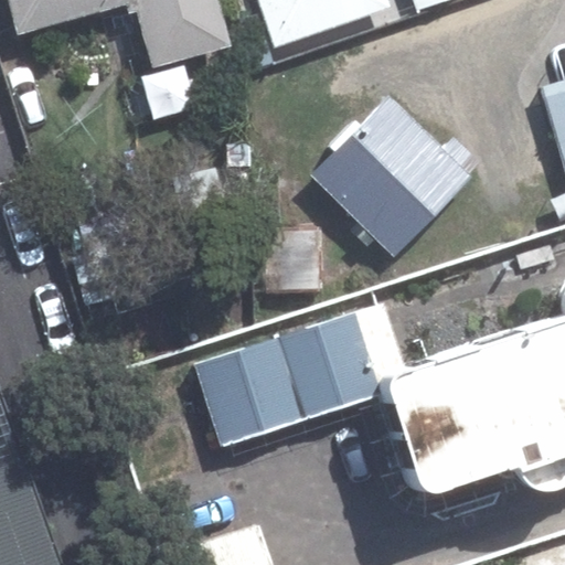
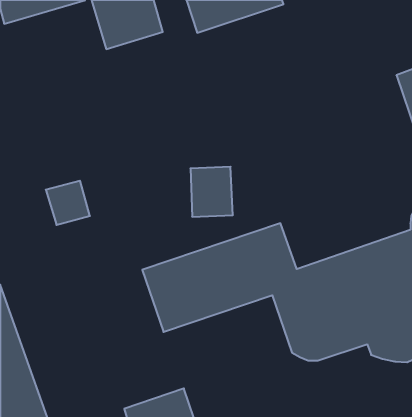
building: [308,95,470,256] -> none

